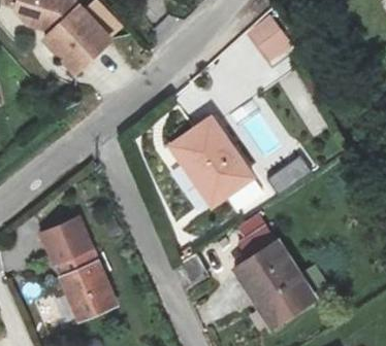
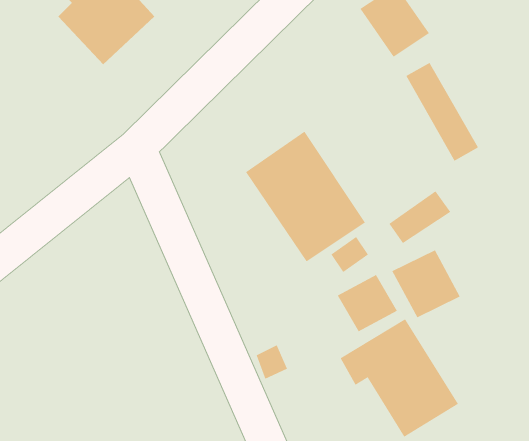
building: none -> [391,249,461,318]
building: [45,218,117,320] -> none

